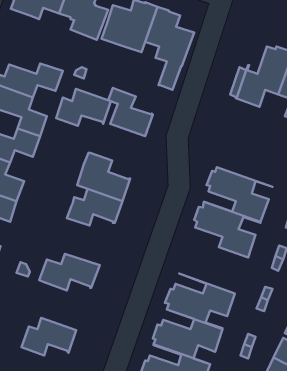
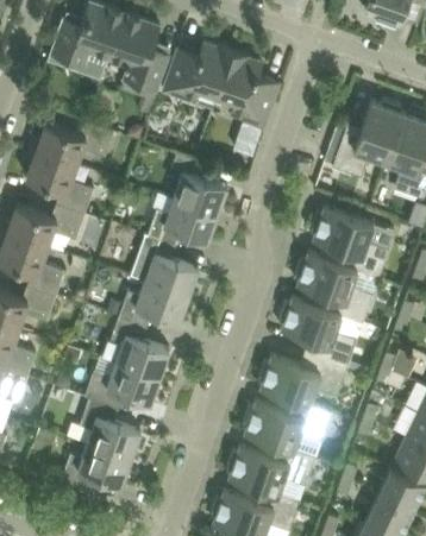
building: [56,89,111,126] -> [149,198,218,245]
building: none -> [308,207,389,278]
building: none -> [102,317,170,377]
building: none -> [259,354,347,412]
building: none -> [82,398,142,459]

